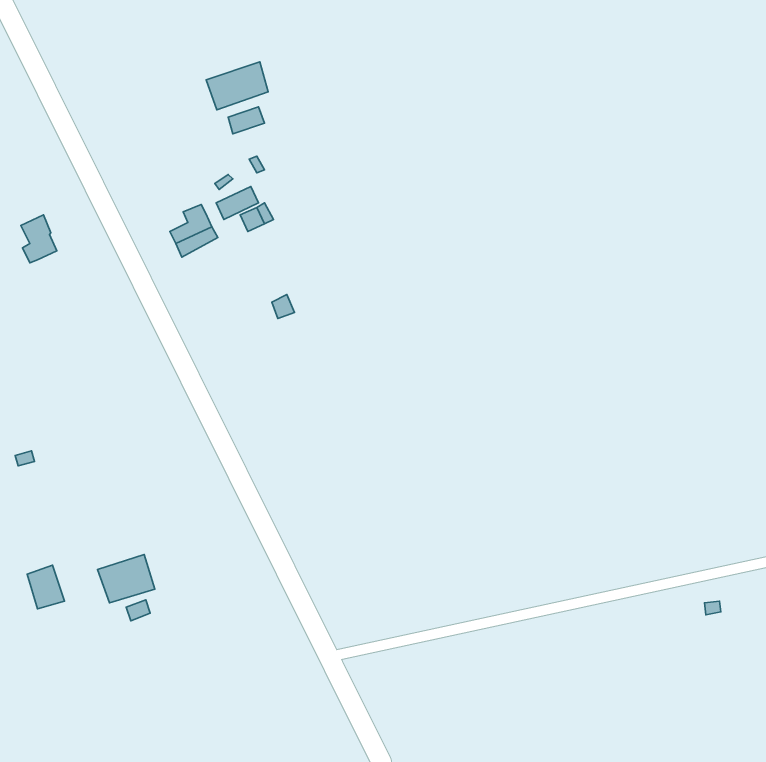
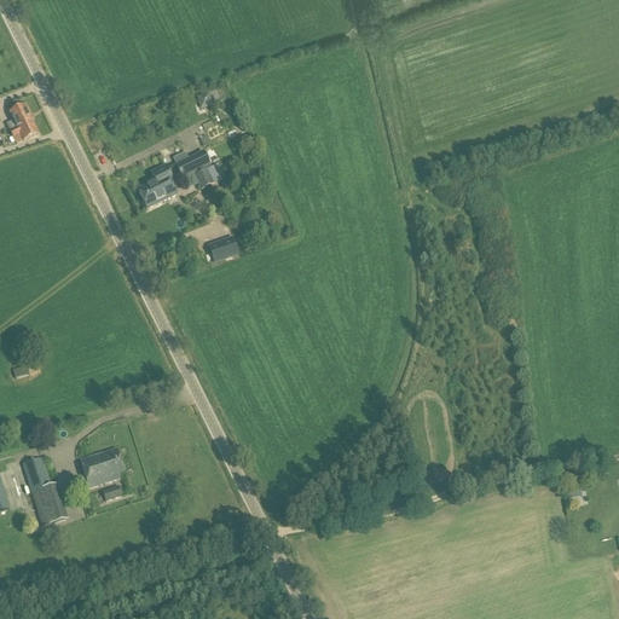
building: [206,62,268,110] -> none
building: [21,215,57,263] -> [7,102,36,140]
building: none -> [30,482,65,525]

